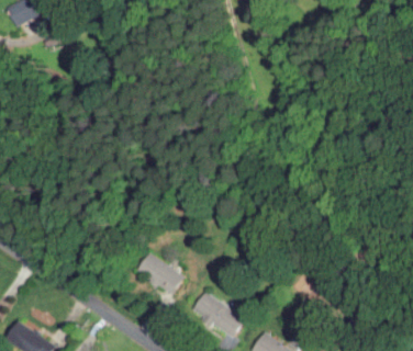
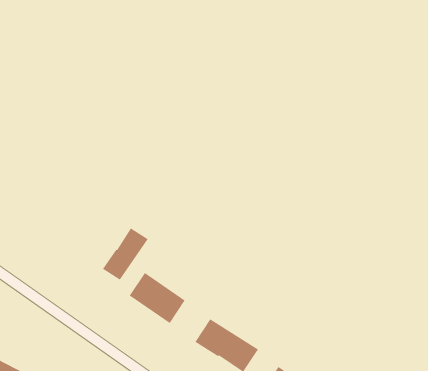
building: none -> [102,228,149,281]

